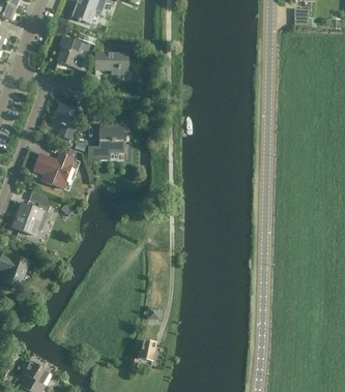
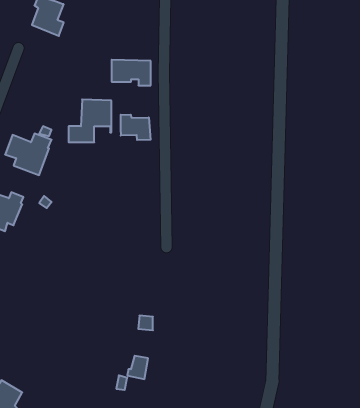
building: [94,52,127,73] -> [112,60,151,85]
building: [52,101,77,140] -> none
building: none -> [121,115,151,140]

